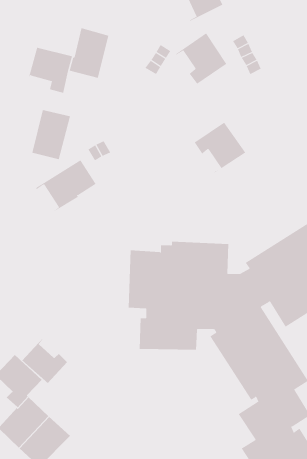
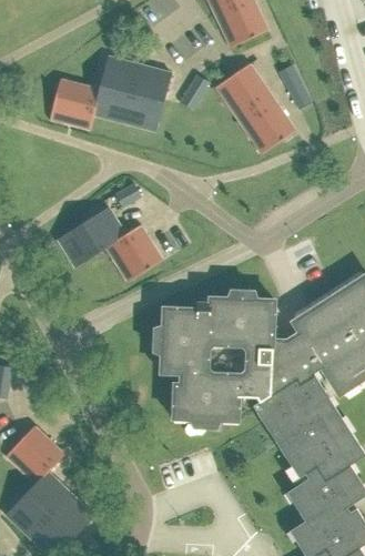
building: [31,109,71,168] -> [126,65,171,132]
building: [194,122,246,173] -> [237,98,296,155]
building: none -> [103,225,163,284]
building: [22,338,68,384] -> none

